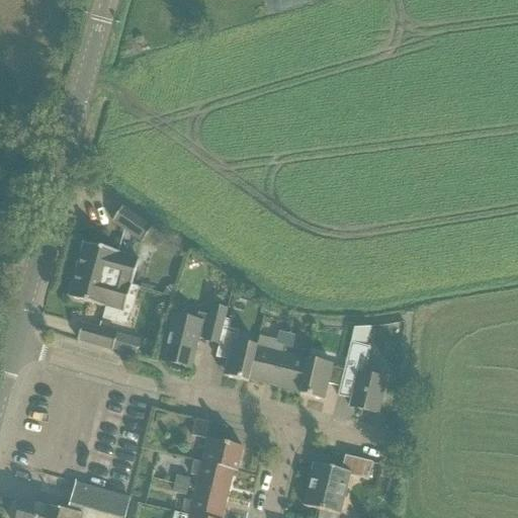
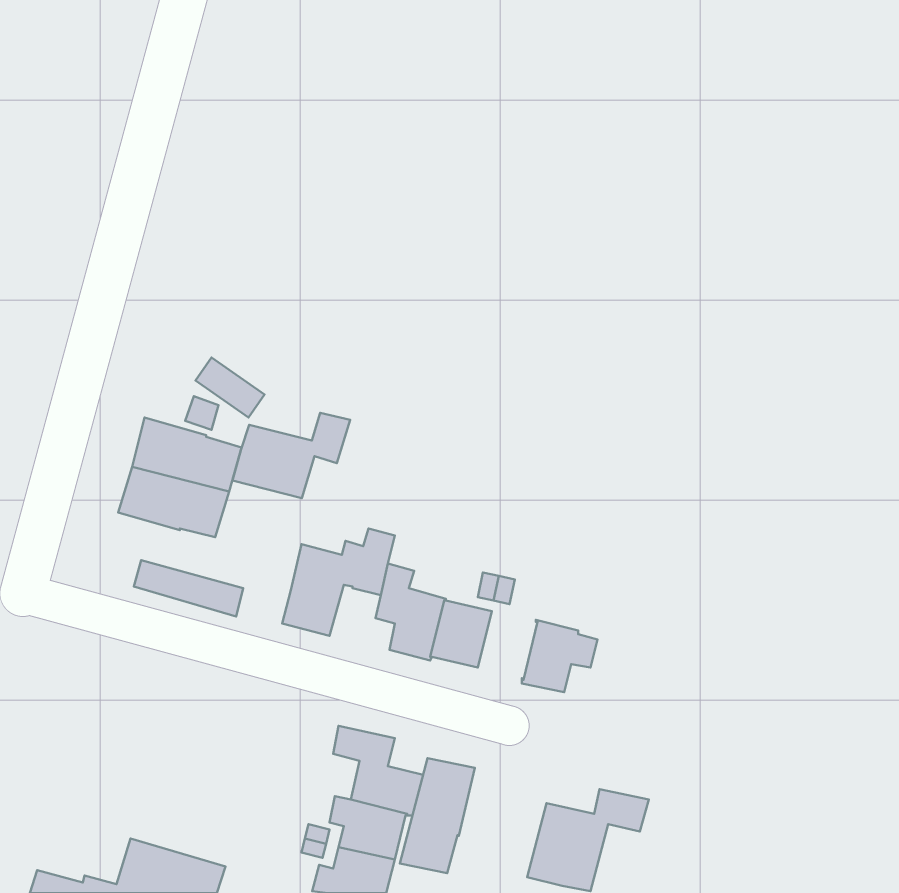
building: none -> [233,413,350,498]
building: [338,325,386,411] -> none
building: [275,351,310,391] -> none
building: none -> [400,758,475,873]

